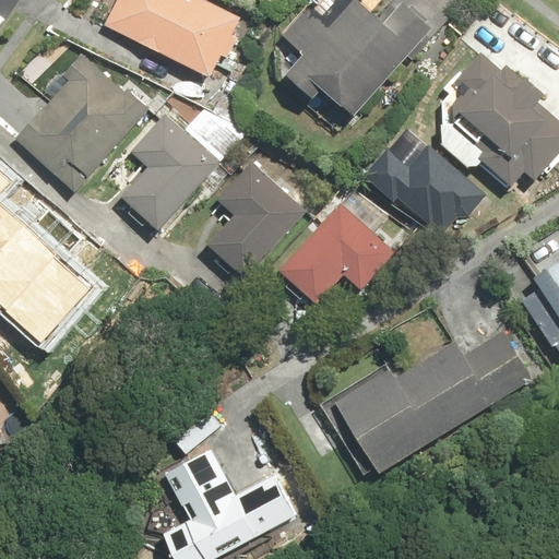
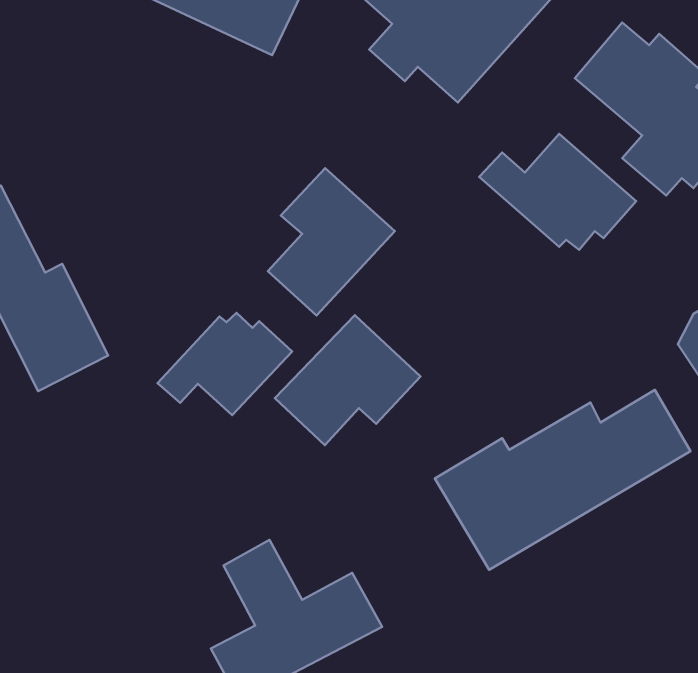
building: [10,53,147,192] -> none
building: [115,115,217,233] -> none
building: [278,205,390,305] -> [275,315,420,445]
building: none -> [158,313,292,415]

